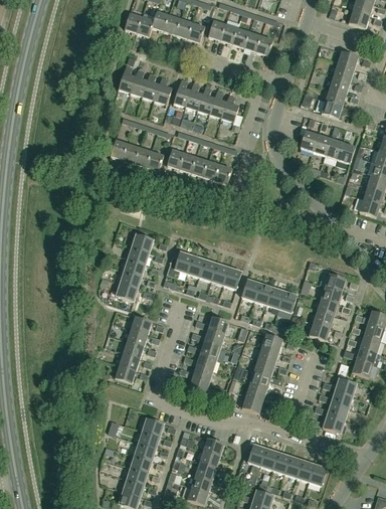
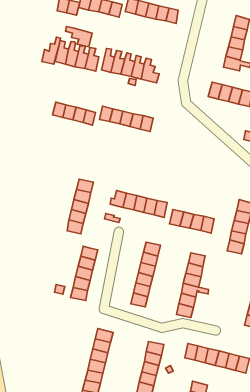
building: none -> [66,27,92,47]
building: none -> [42,37,60,64]

